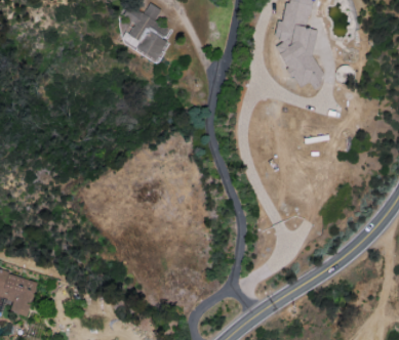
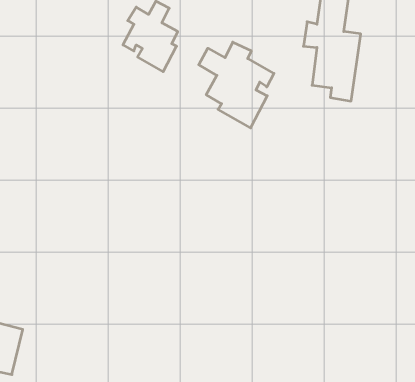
building: none -> [199,42,274,128]

